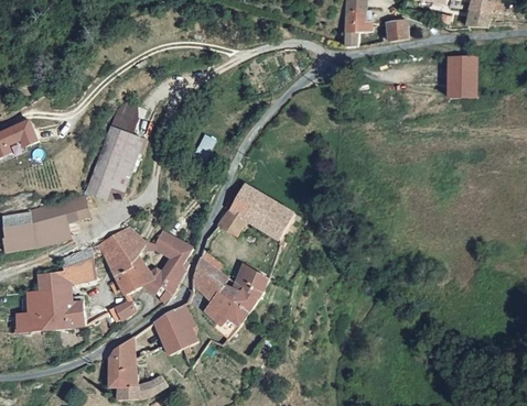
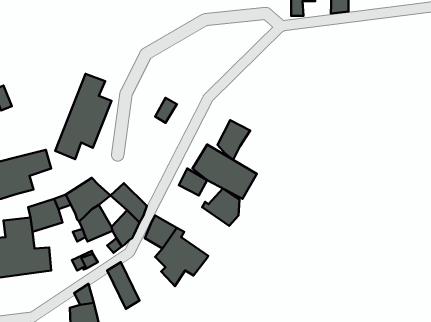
building: [453,59,482,102] -> none
building: none -> [218,120,250,160]
building: [225,265,265,305] -> [202,188,240,226]
building: [161,304,200,355] -> none

